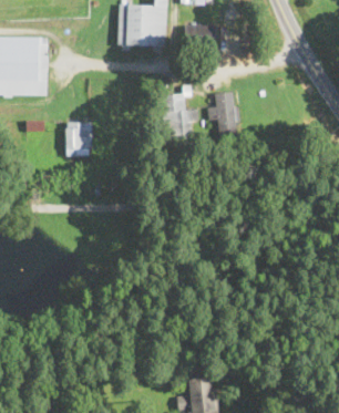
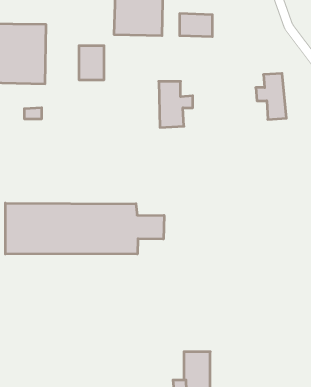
building: [207,91,238,137] -> [256,73,286,119]
building: [65,121,91,155] -> [79,46,104,80]
building: none -> [5,203,164,254]

